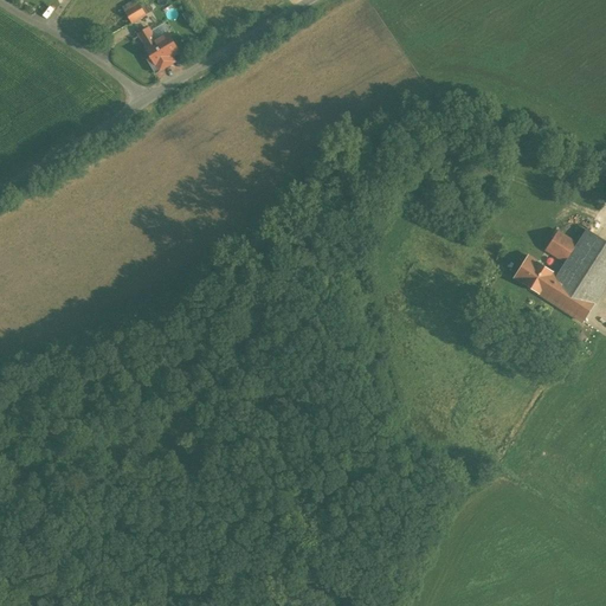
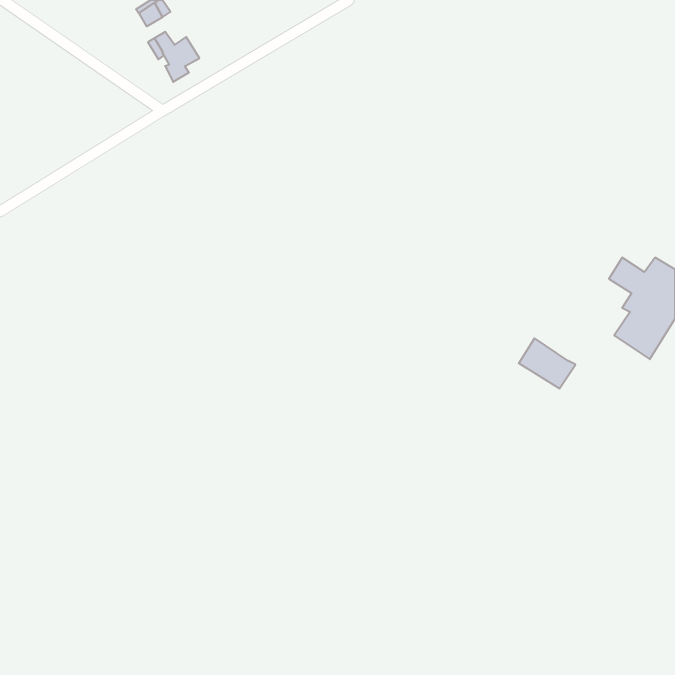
building: [514,256,565,301] -> [519,338,575,388]

